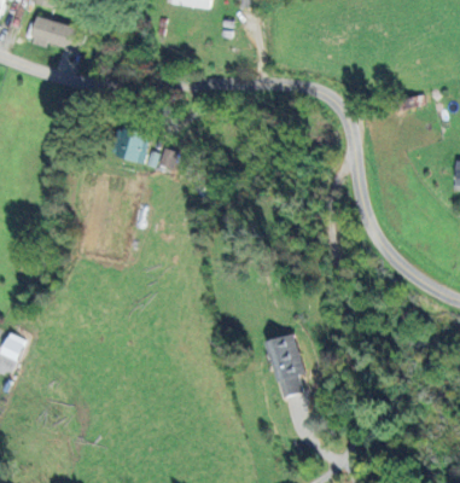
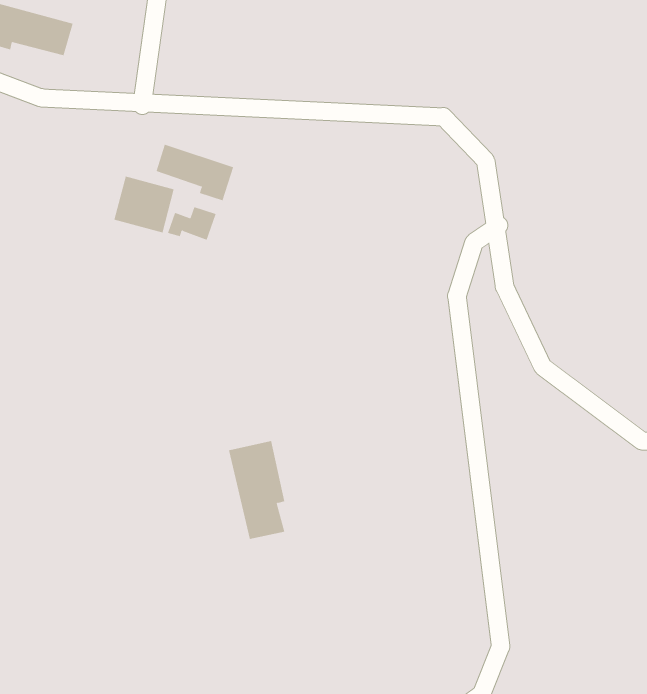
building: none -> [156,144,234,201]
building: [269,334,305,397] -> [228,441,285,540]

